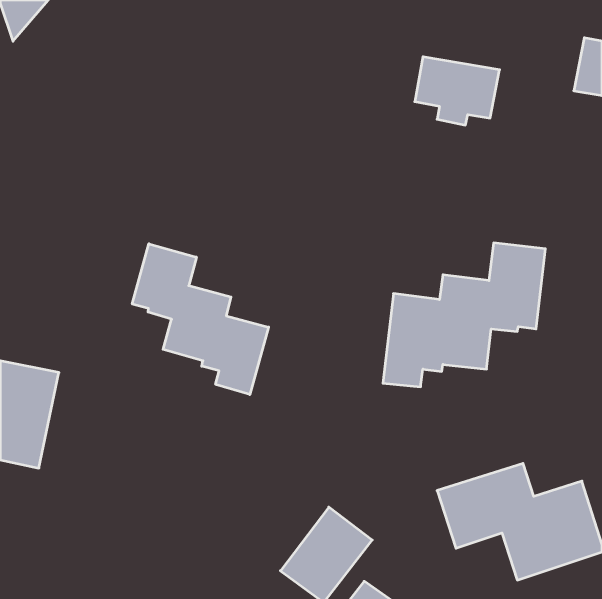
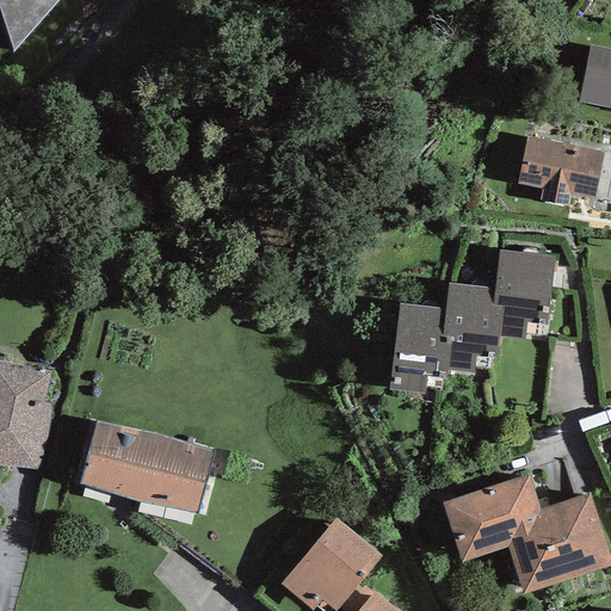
building: [415,57,500,125] -> [518,136,604,205]
building: [132,244,269,395] -> none
building: none -> [82,422,215,514]

